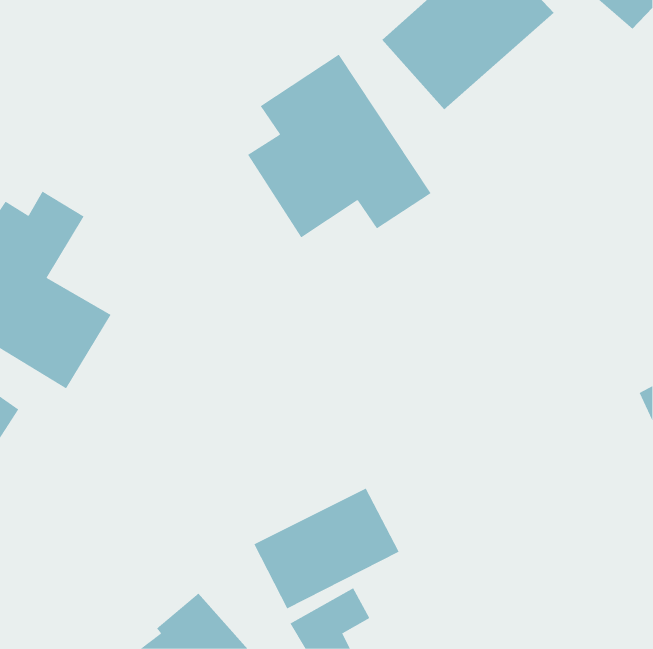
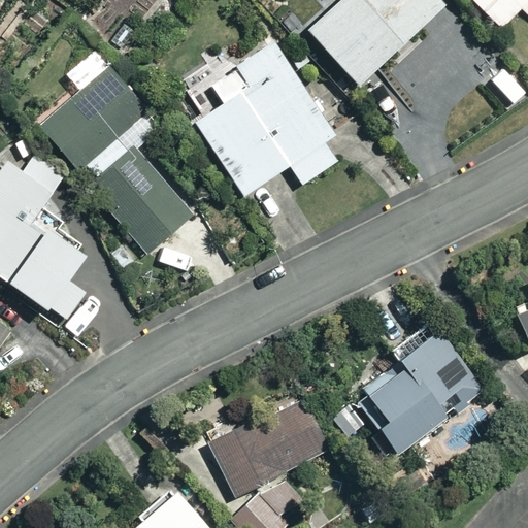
building: none -> [42,68,148,169]
building: none -> [93,147,198,256]
building: none -> [369,331,480,453]

